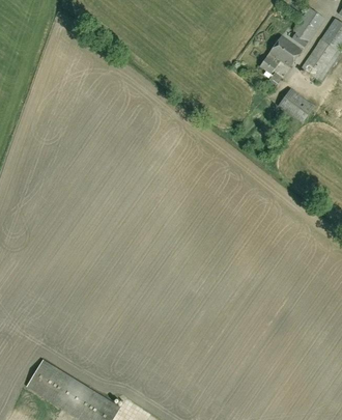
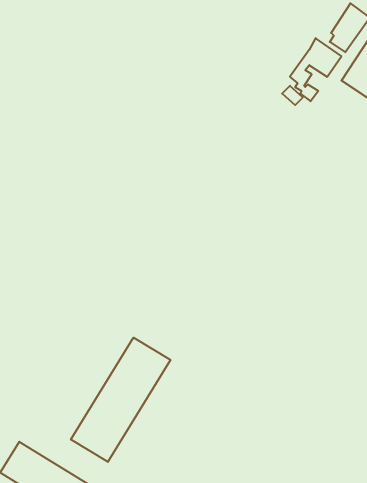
building: [278,89,314,124] -> none
building: none -> [71,338,170,462]

